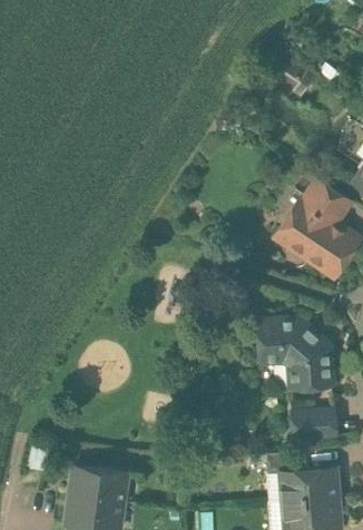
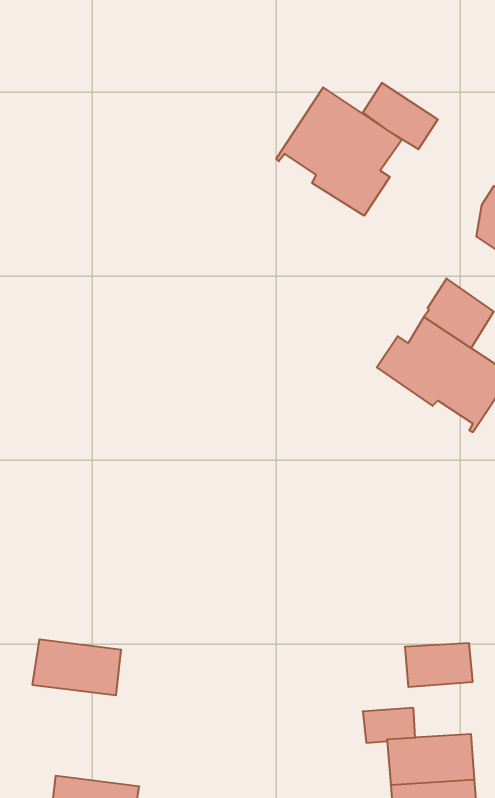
building: none -> [276,87,402,216]
building: [256,318,332,391] -> none
building: [69,468,126,503] -> [32,639,121,695]

